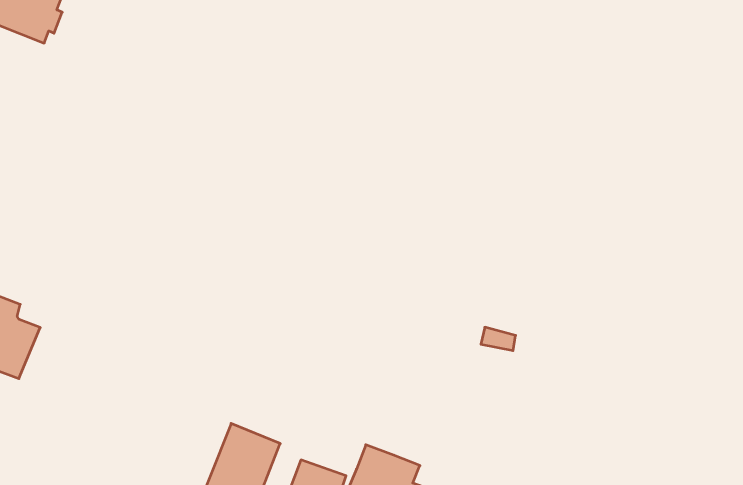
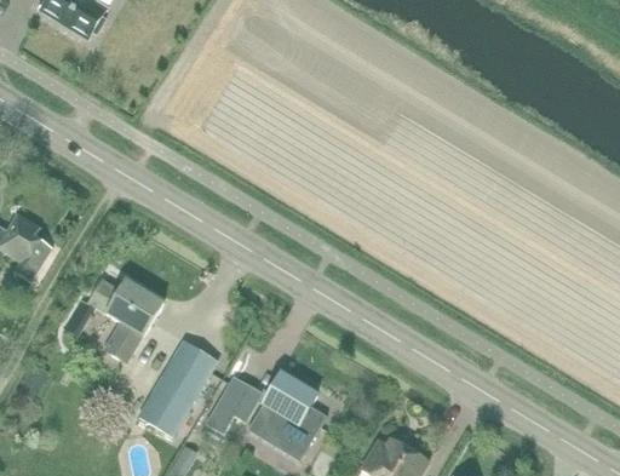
building: none -> [87,277,163,360]

